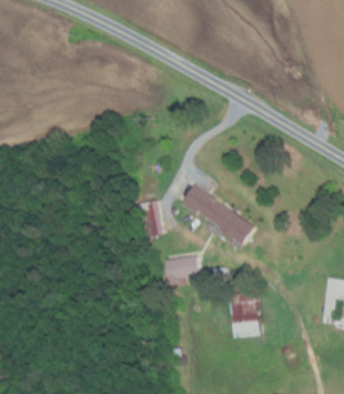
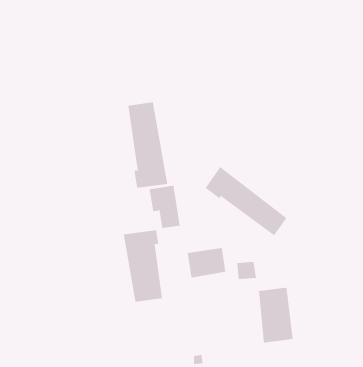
building: none -> [128,102,168,189]
building: none -> [123,229,163,302]

